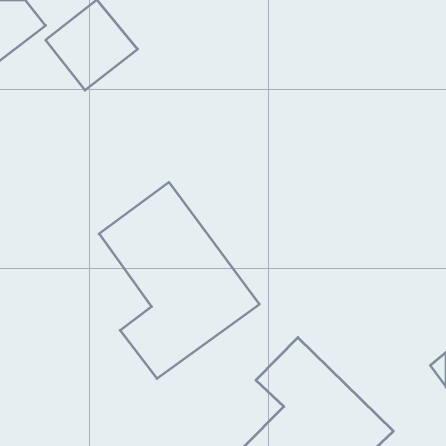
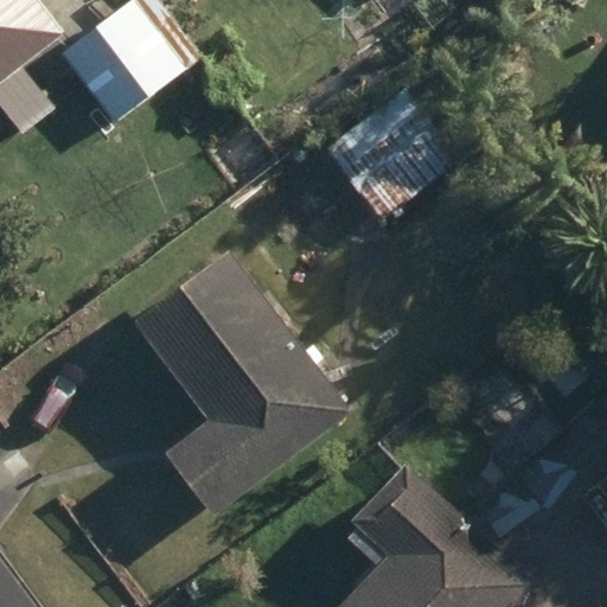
building: none -> [332,96,464,223]

